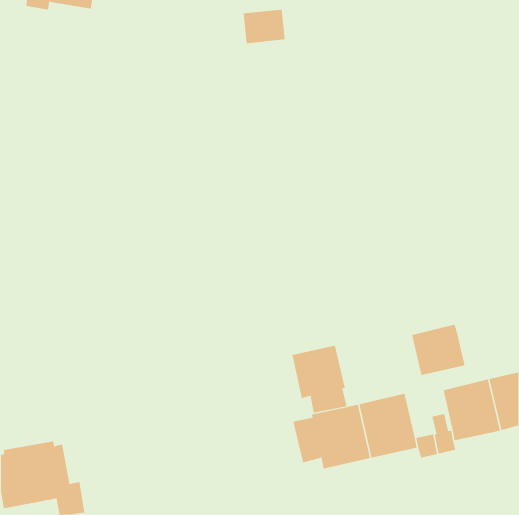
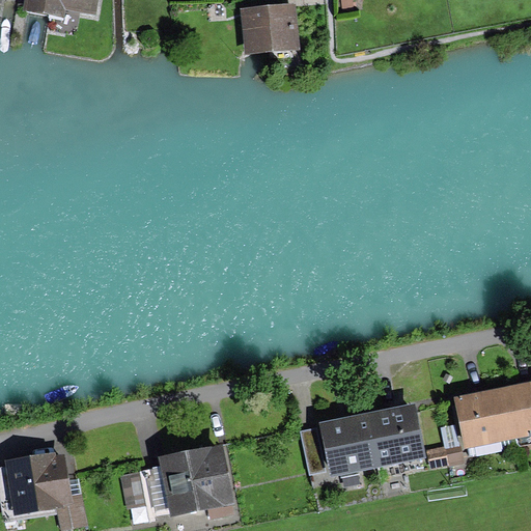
building: [411,324,465,376] -> none
building: [292,345,347,414] -> none
building: none -> [118,445,236,520]

